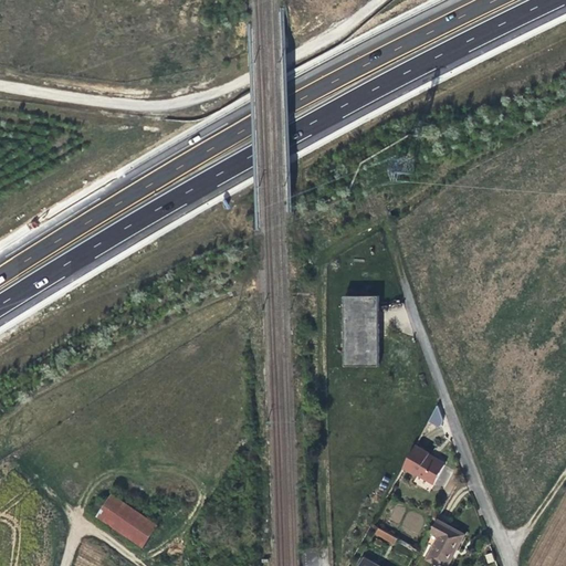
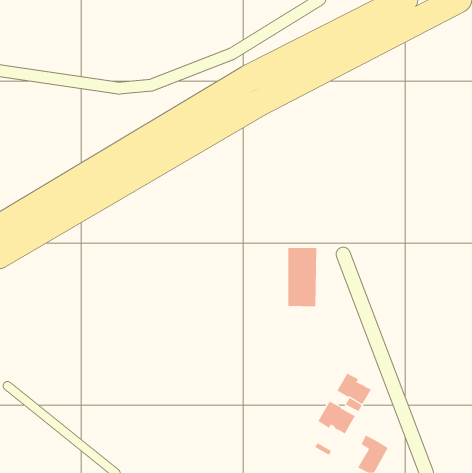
building: none -> [318,401,355,435]
building: [98,494,156,545] -> none

